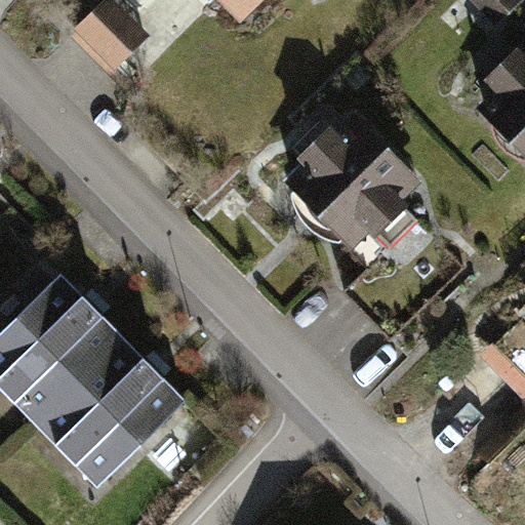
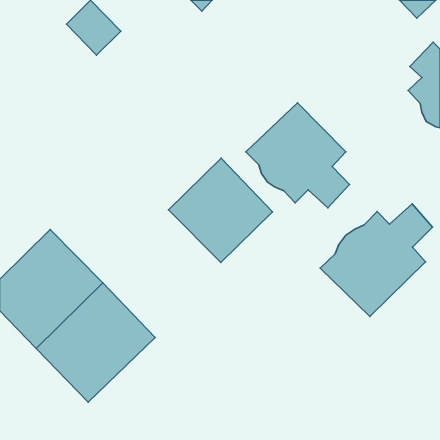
building: none -> [169,158,273,262]
building: none -> [320,204,433,317]

